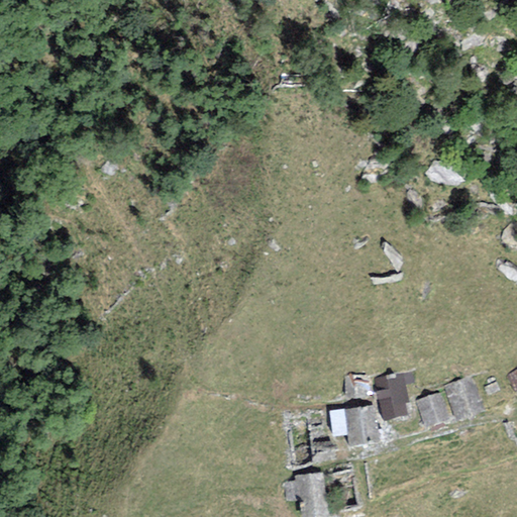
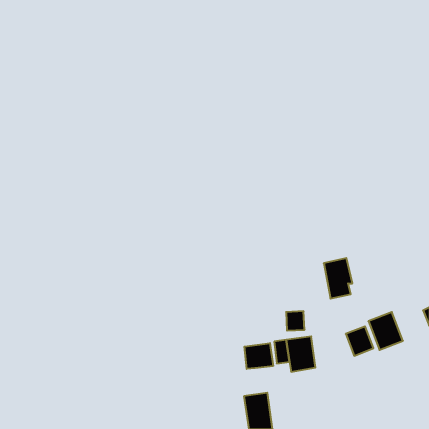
building: [376,372,410,420] -> [324,258,352,299]
building: none -> [244,343,273,369]

